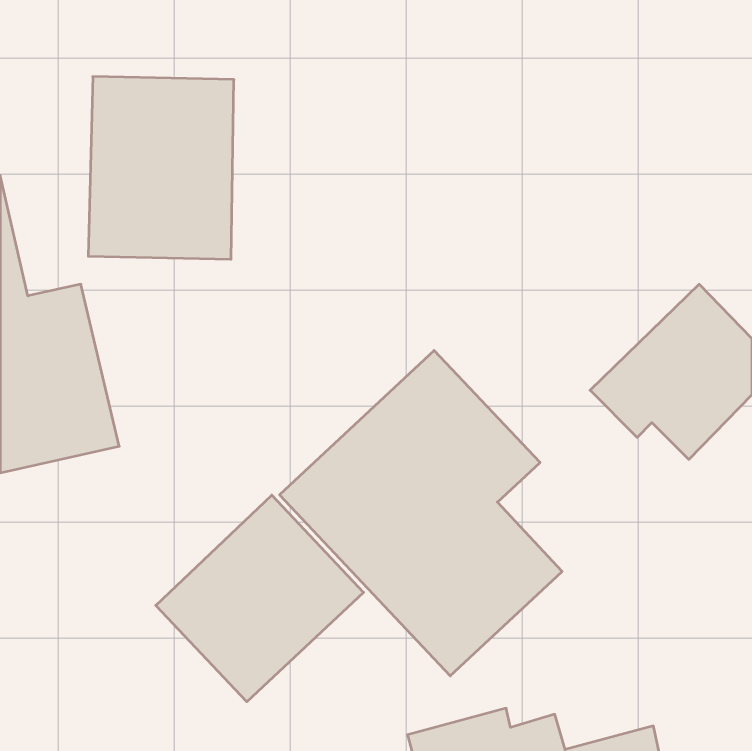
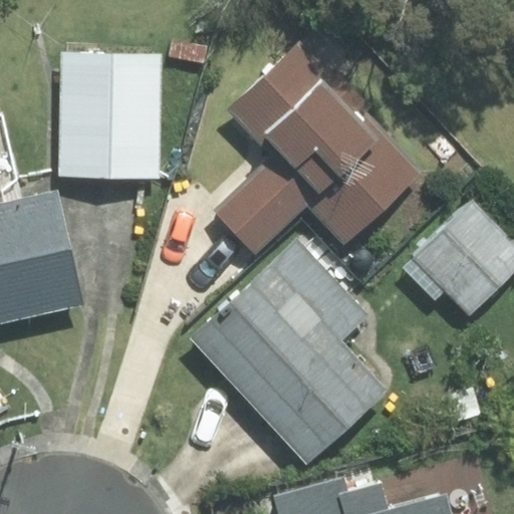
building: none -> [215,47,415,253]
building: [156,495,364,702] -> none

